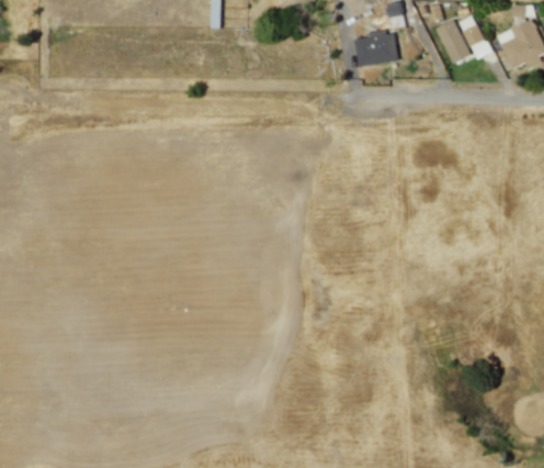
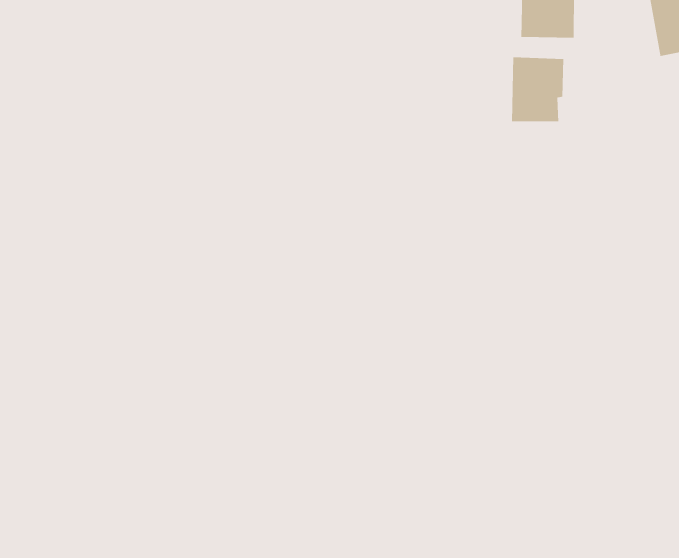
building: none -> [511,56,564,122]

